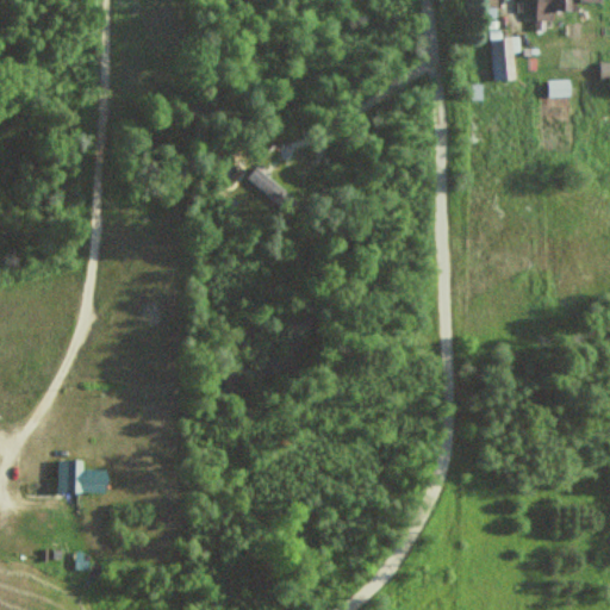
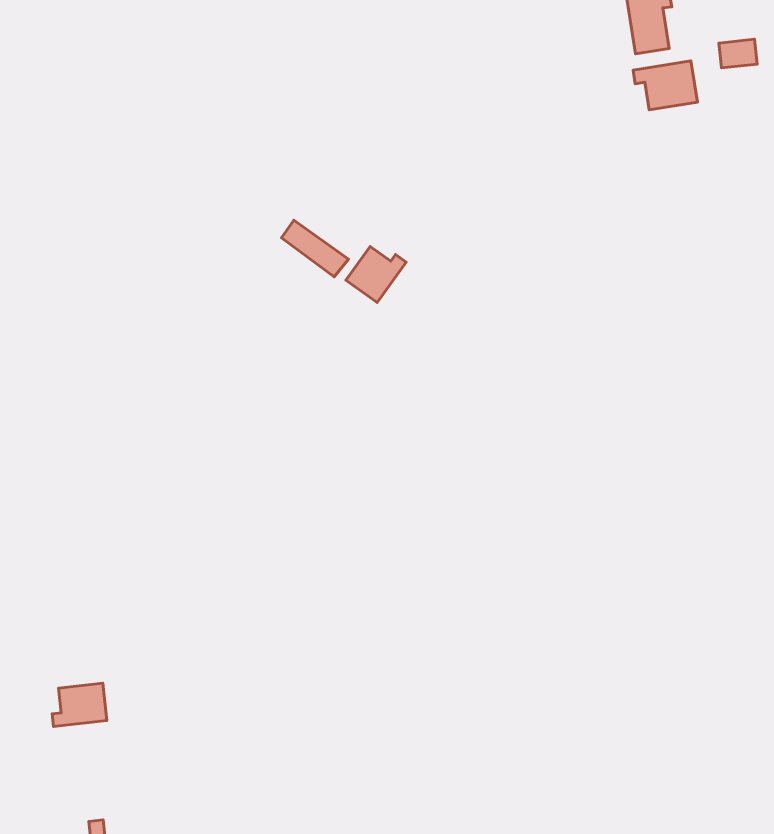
building: none -> [633,61,697,110]
building: none -> [346,246,406,302]

